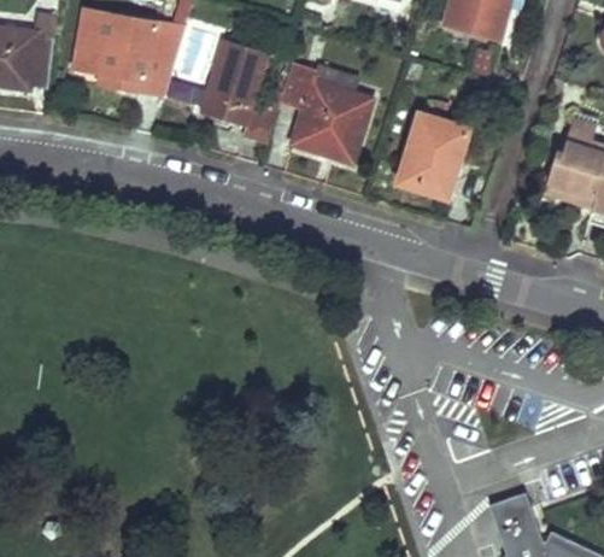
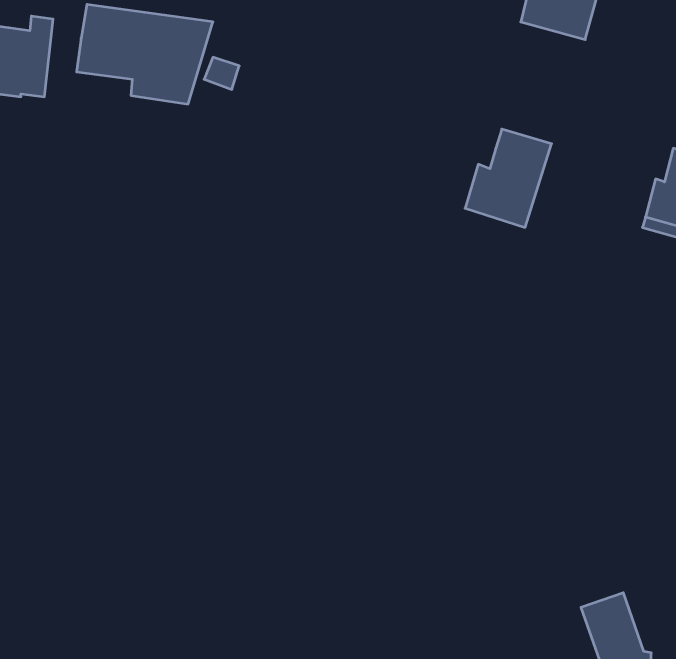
building: [201,39,278,141] -> none
building: [281,61,374,160] -> none

